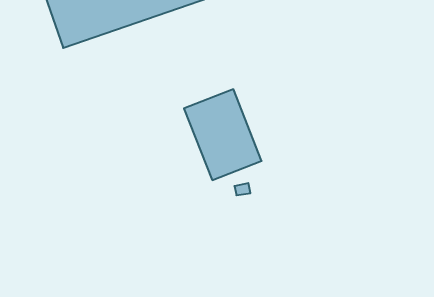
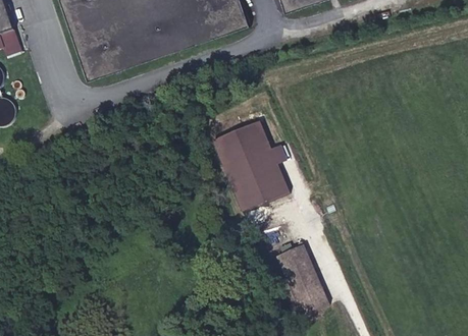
building: none -> [276,243,329,314]

